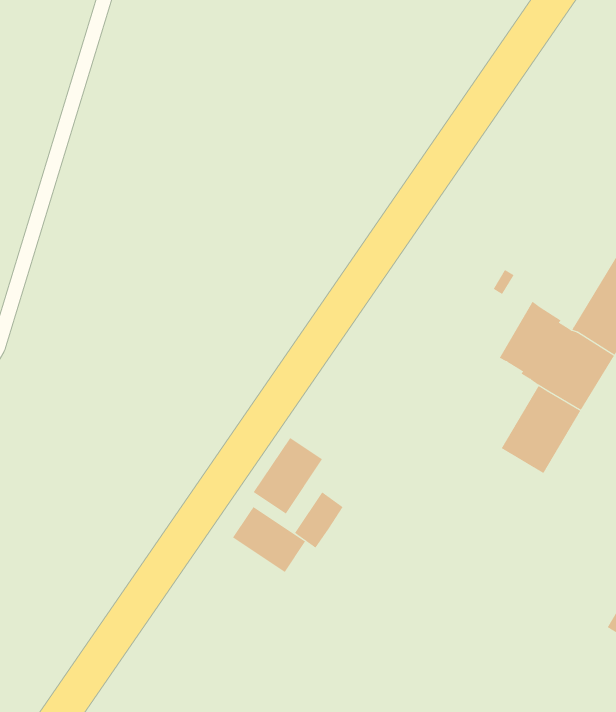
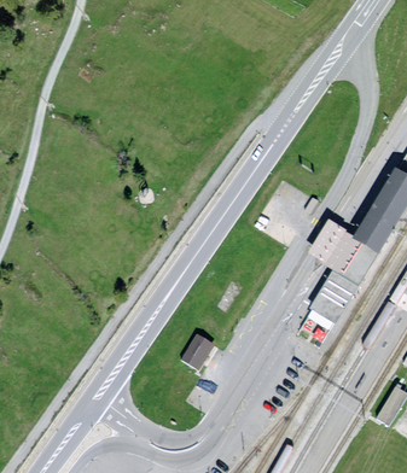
building: [253,437,323,515] -> none
building: [232,506,306,573] -> none

